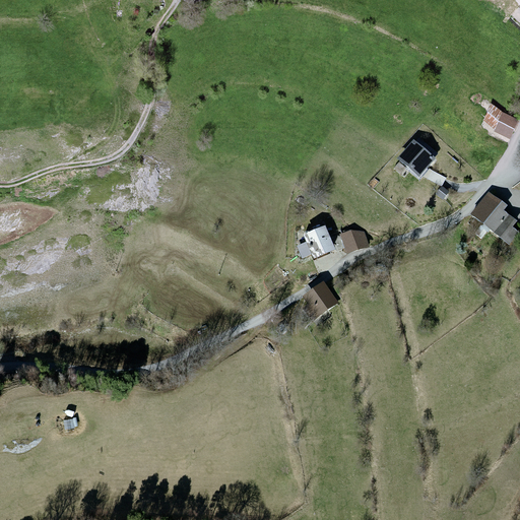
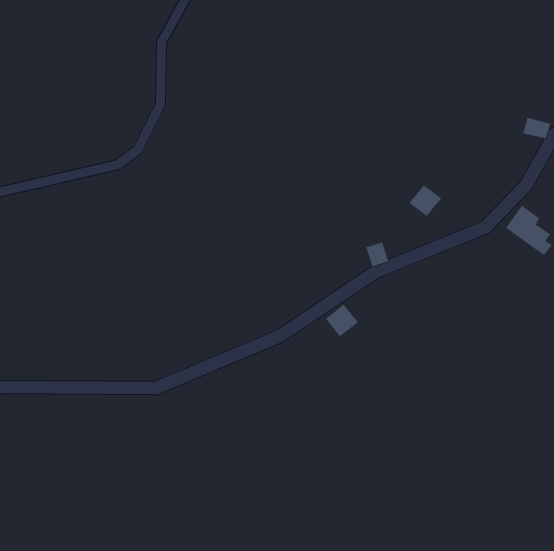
building: [401,143,433,174] -> [408,184,442,217]
building: [304,226,332,258] -> none

